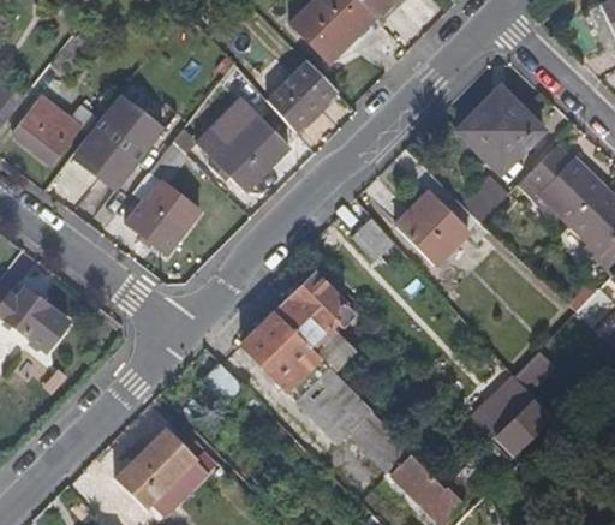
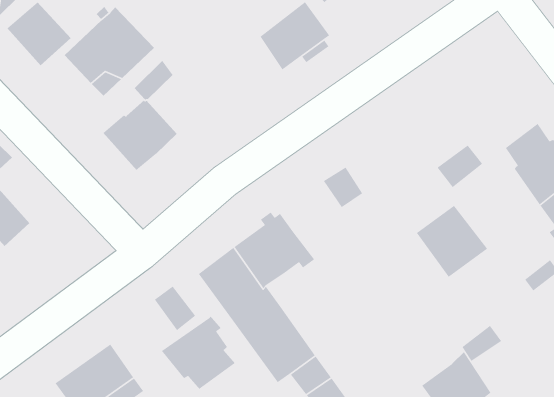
building: [456,95,541,174] -> none
building: [195,99,287,189] -> none
building: [394,191,468,264] -> [416,205,488,278]
building: none -> [161,315,236,390]

